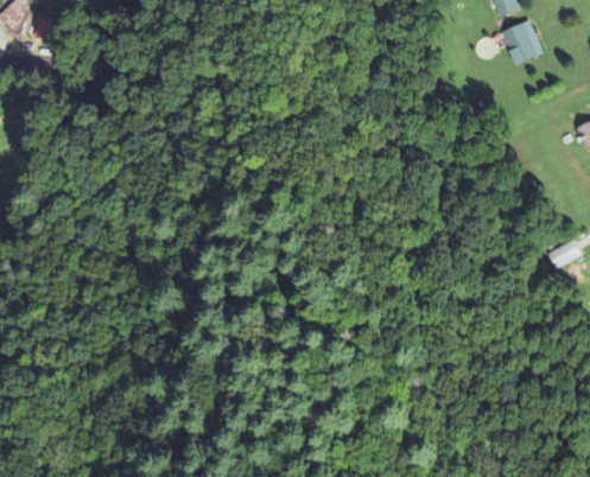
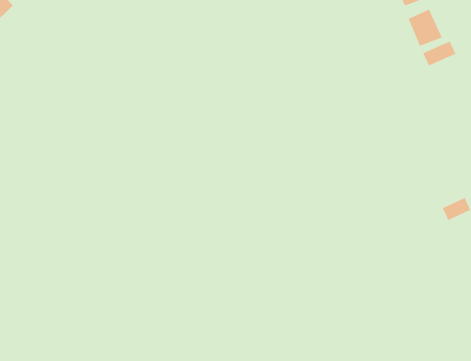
building: none -> [422,40,457,67]

